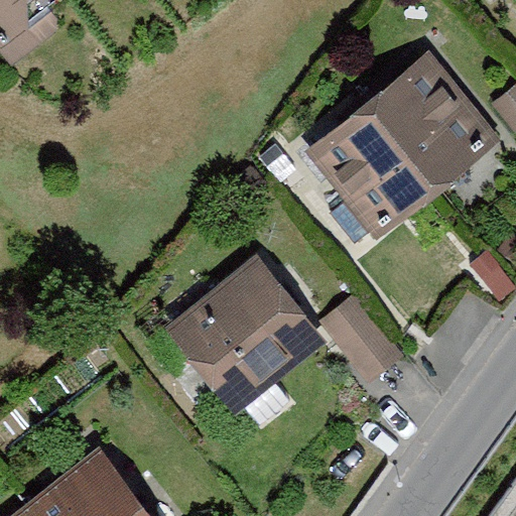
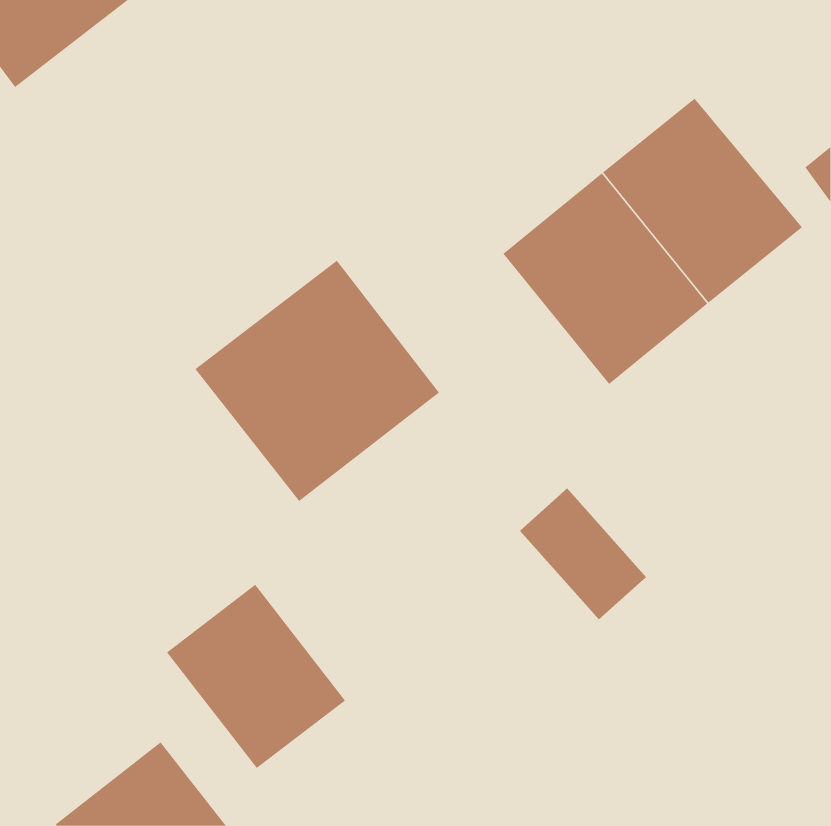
building: [172,257,321,404] -> [194,260,440,502]
building: none -> [166,584,346,769]

